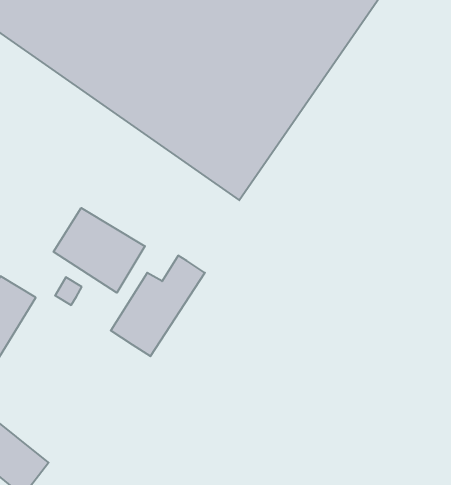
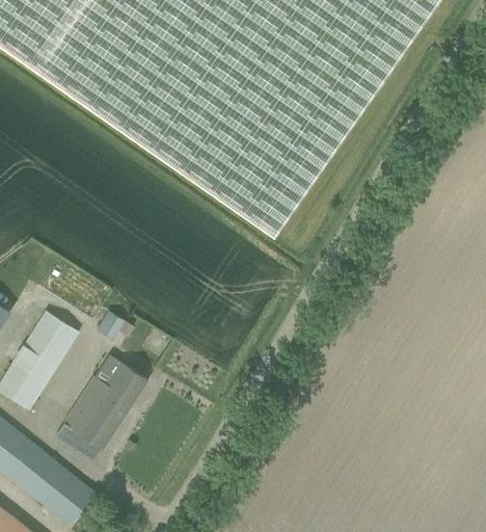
building: [54,208,145,293] -> none
building: [111,256,205,356] -> [55,362,146,459]

